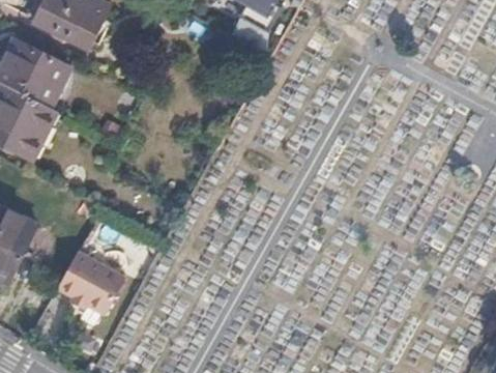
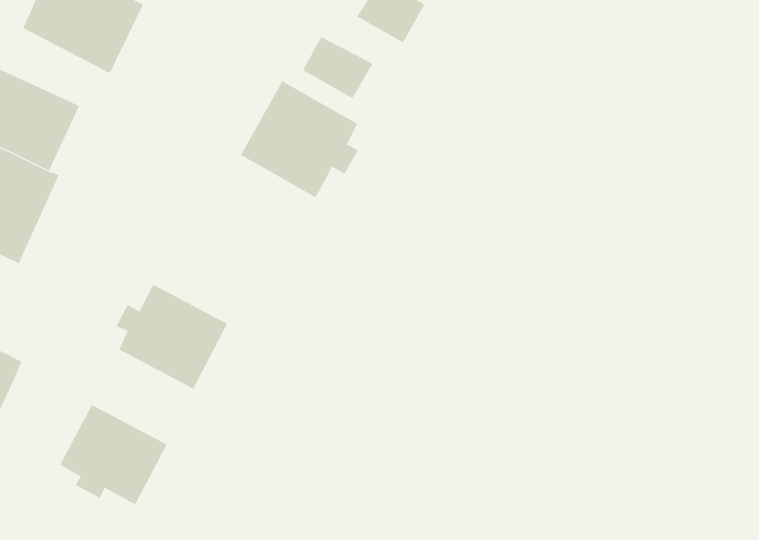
building: none -> [240,80,358,198]
building: none -> [116,284,228,390]

